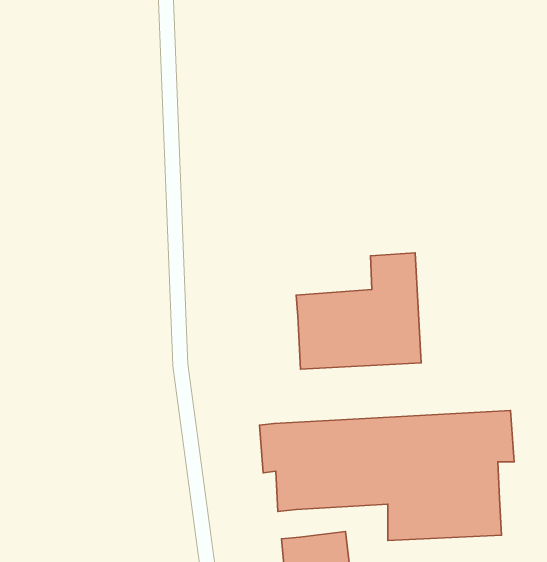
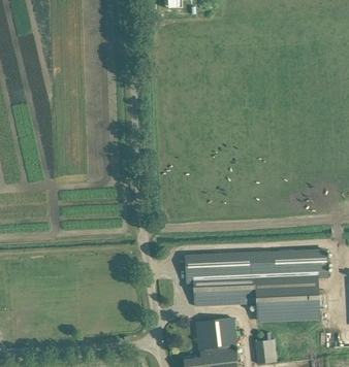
building: [296,253,421,369] -> none

